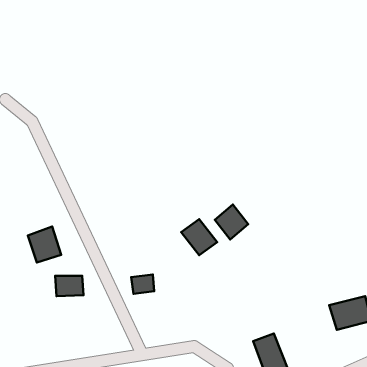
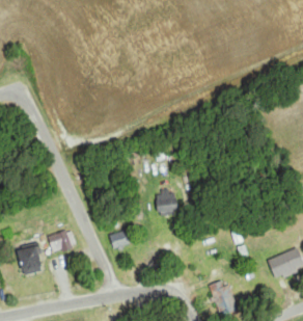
building: [215,205,248,239] -> none
building: [28,226,61,262] -> [17,246,44,275]

